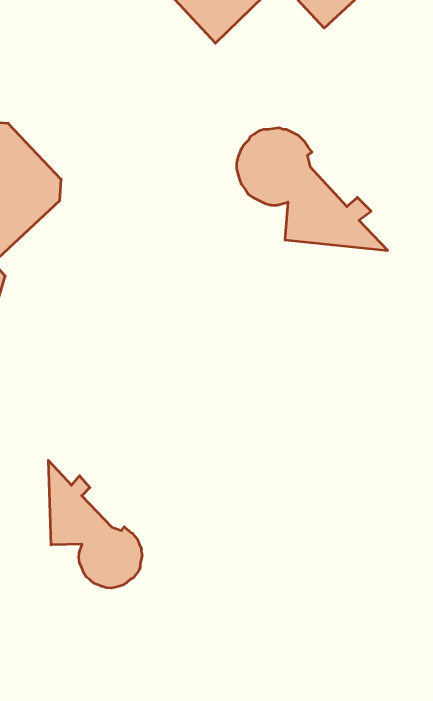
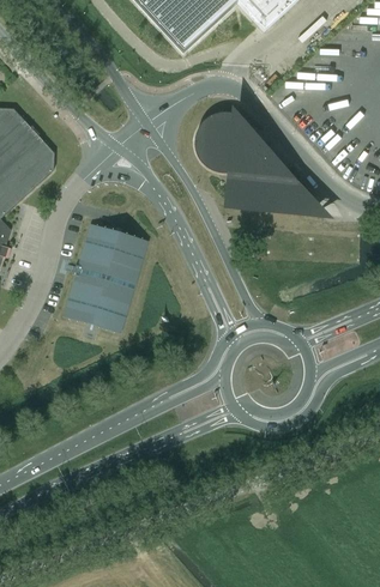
building: none -> [62,223,149,333]
building: [48,460,142,588] -> none

